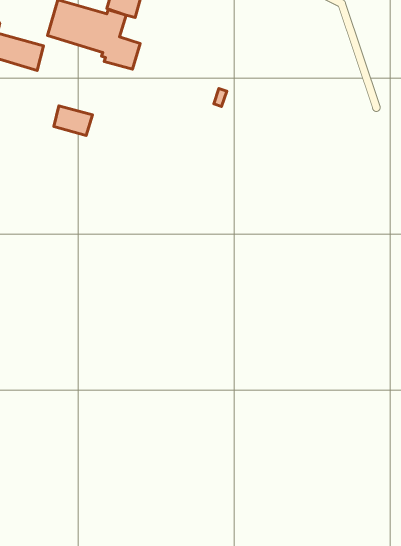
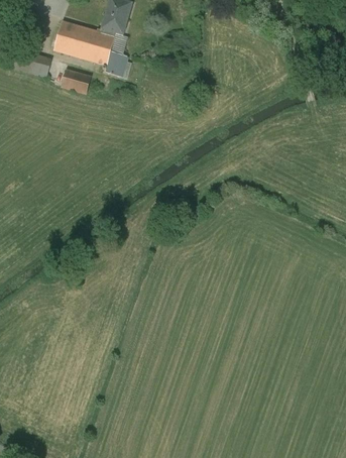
building: [54,106,92,136] -> [66,69,96,92]

